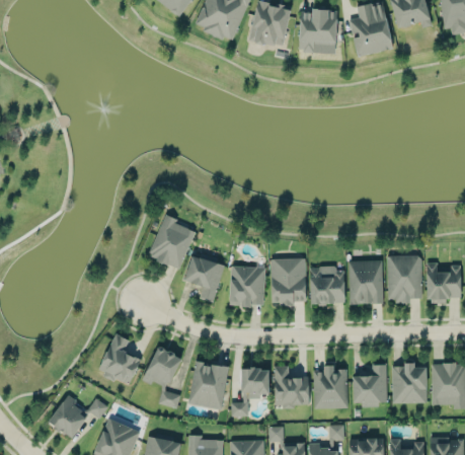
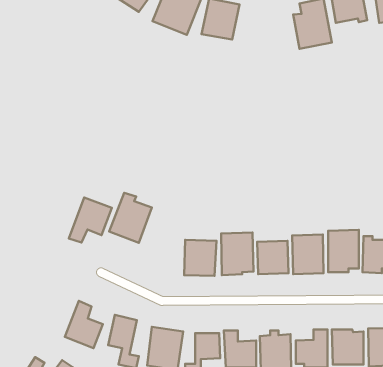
building: [299,9,337,53] -> none
building: none -> [69,198,112,243]
building: [184,254,225,303] -> none

